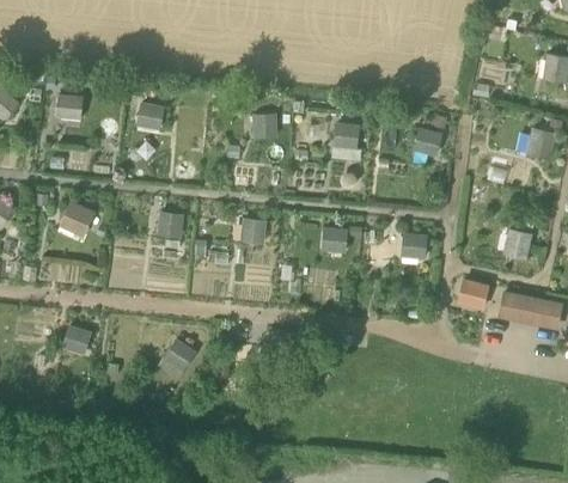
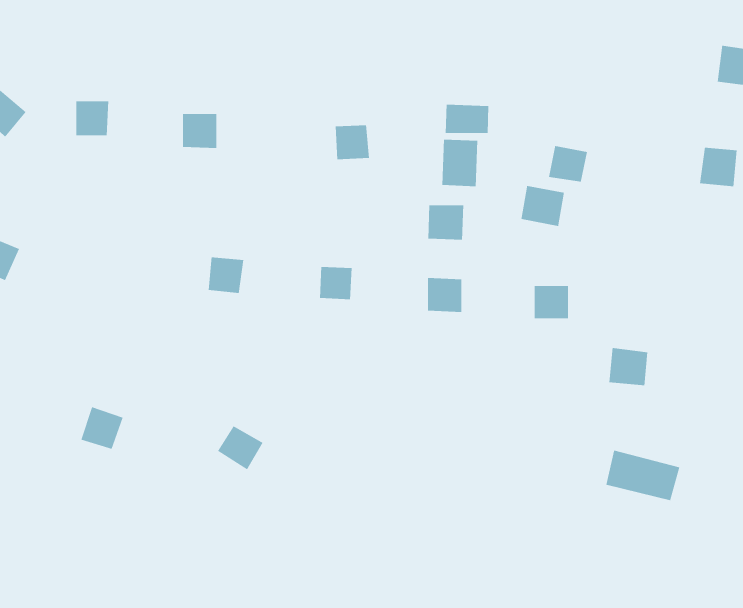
building: none -> [445,104,489,134]
building: none -> [521,185,565,227]
building: none -> [428,205,464,241]
building: [57,198,97,238] -> none
building: [503,228,532,258] -> none
building: [496,293,552,331] -> [606,450,680,501]

